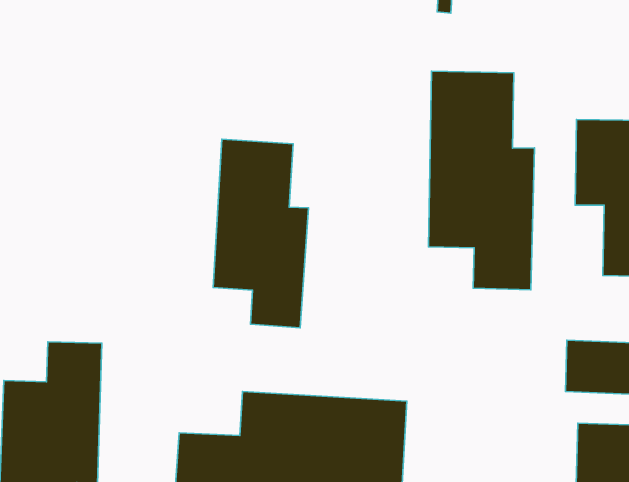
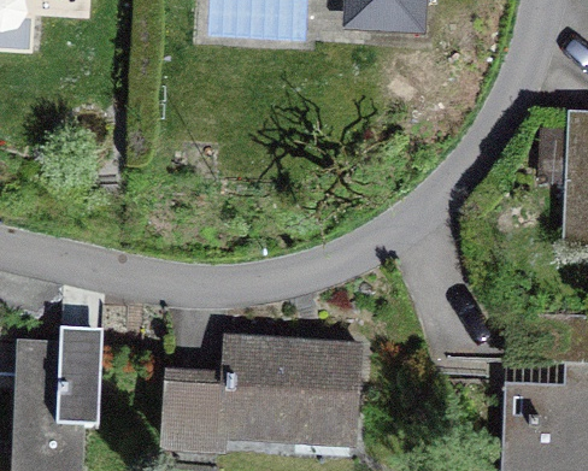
building: [429,71,535,290] -> none
building: [213,139,308,328] -> none

